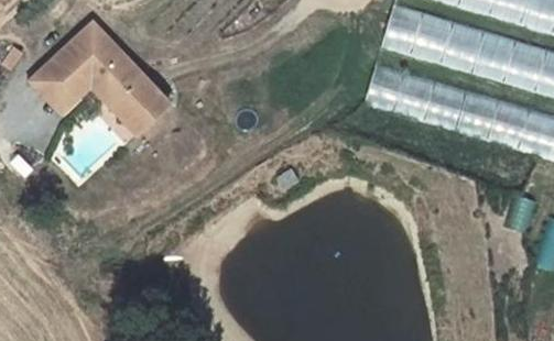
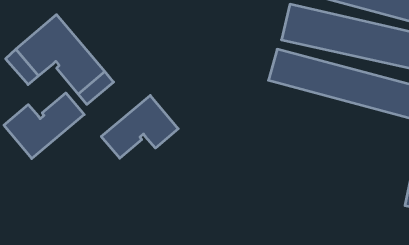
building: none -> [4,93,84,159]
building: none -> [101,95,178,158]

